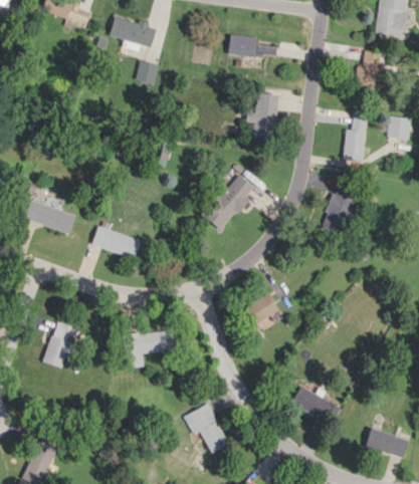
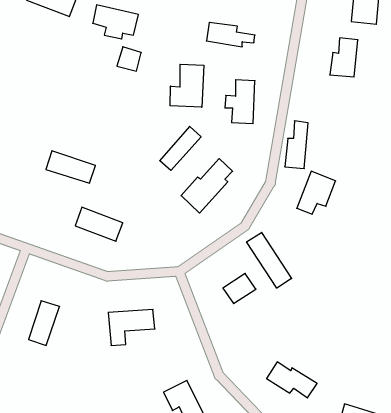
building: none -> [170,64,204,107]
building: [344,111,368,161] -> [285,121,308,169]
building: [388,116,411,139] -> none
building: none -> [160,126,201,170]
building: [24,200,75,233] -> [46,151,95,183]
building: none -> [247,232,292,288]

